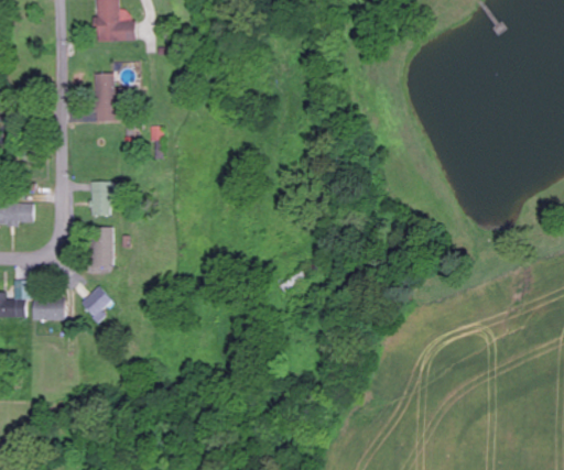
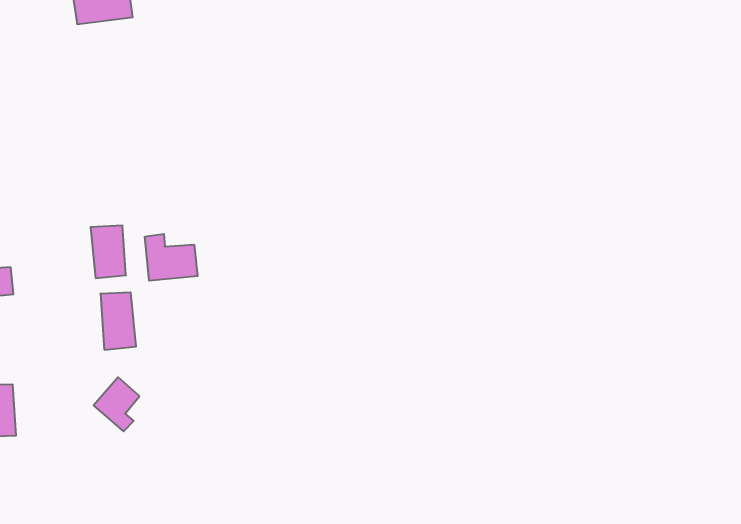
building: [93,74,117,122] -> none
building: none -> [145,234,198,281]
building: [32,299,65,321] -> none

